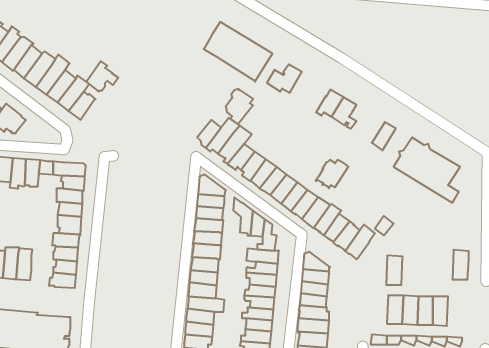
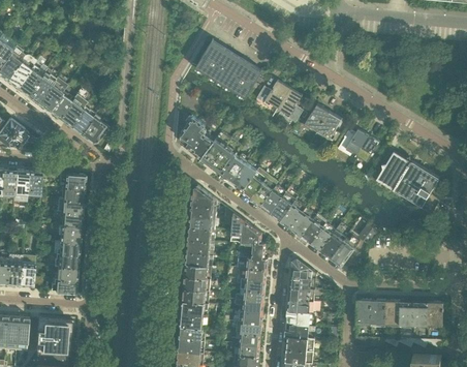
building: [87,61,118,92] -> [80,115,110,144]
building: none -> [278,89,303,123]
building: [226,89,253,124] -> [180,117,206,150]
building: [316,160,348,188] -> [337,130,368,157]
building: [452,250,469,279] -> [427,302,442,330]
building: [386,255,403,285] -> [355,300,371,328]

